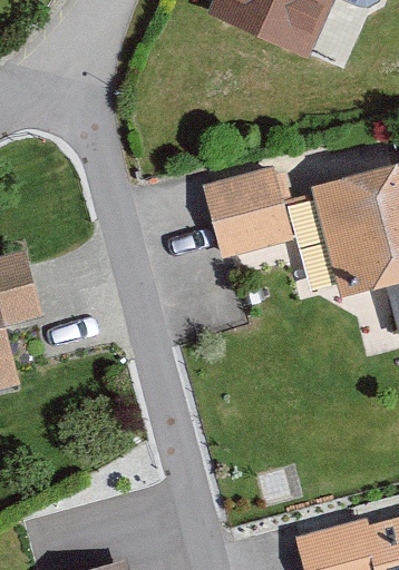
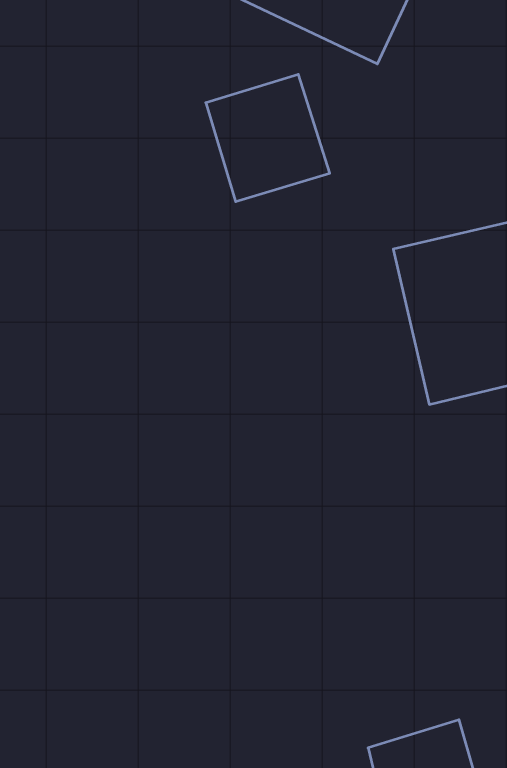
building: [193,169,281,259] -> [206,74,330,202]

